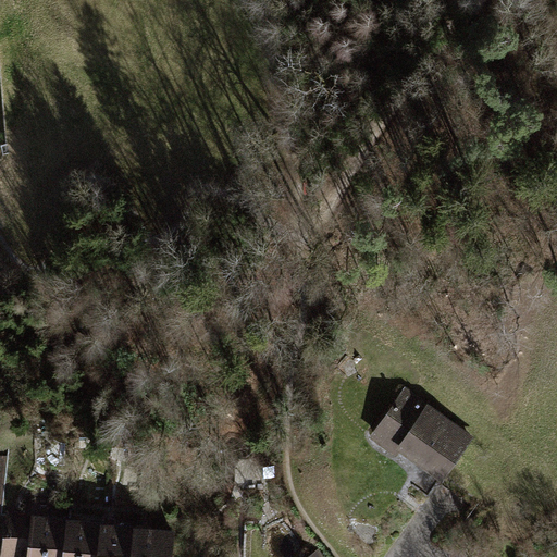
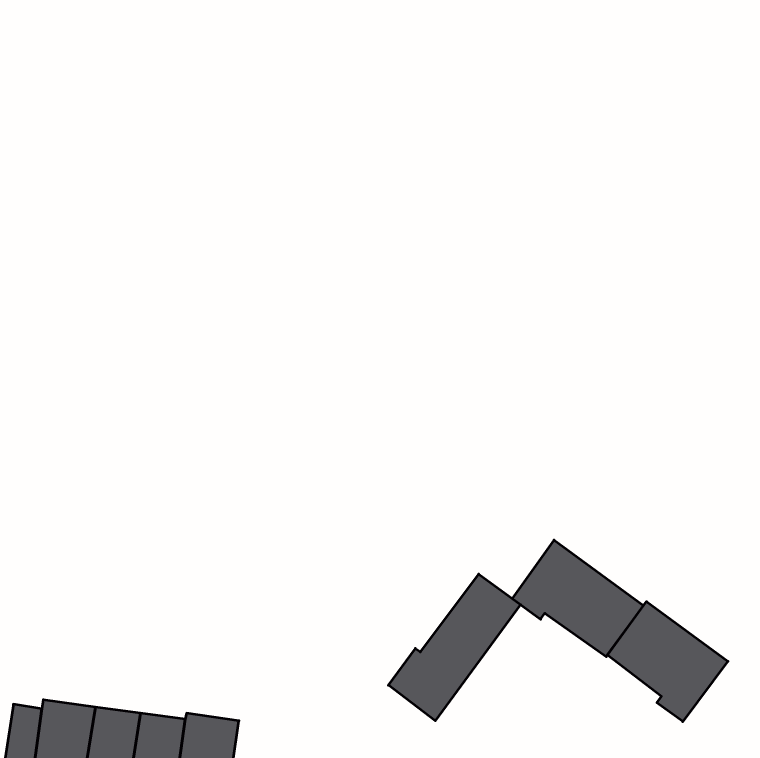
building: none -> [388,574,521,721]
building: none -> [607,602,728,722]

